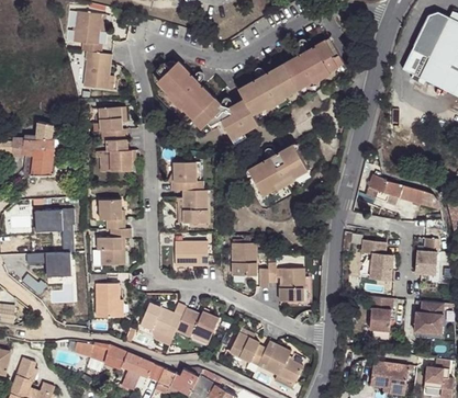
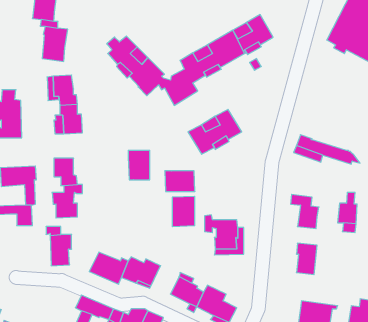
building: [169,162,194,191] -> none
building: [172,242,206,265] -> [165,171,195,191]
building: [414,300,444,333] -> none
building: [78,342,127,369] -> none

